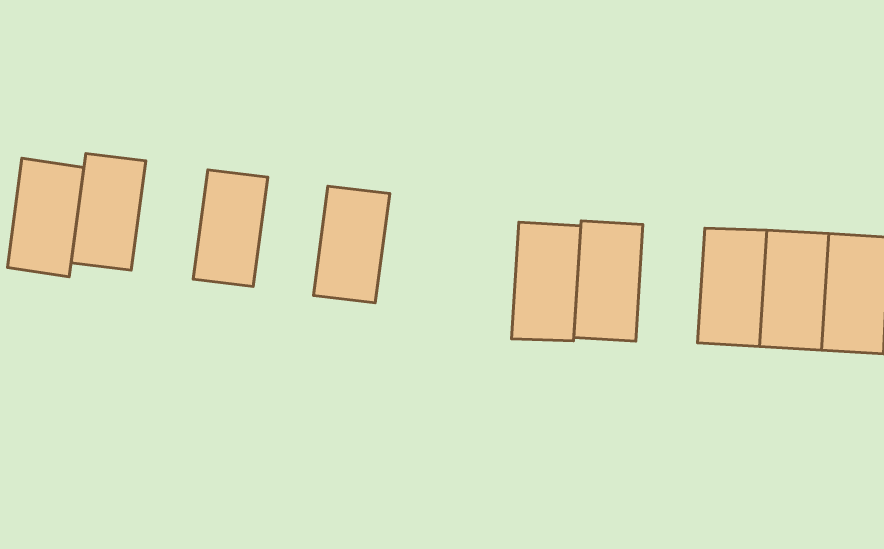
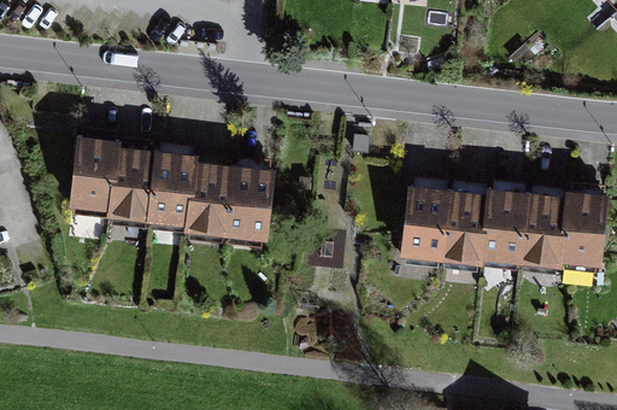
building: [7,158,84,277] -> [108,145,159,223]
building: none -> [189,156,239,234]
building: [512,222,581,341] -> [442,187,488,265]

